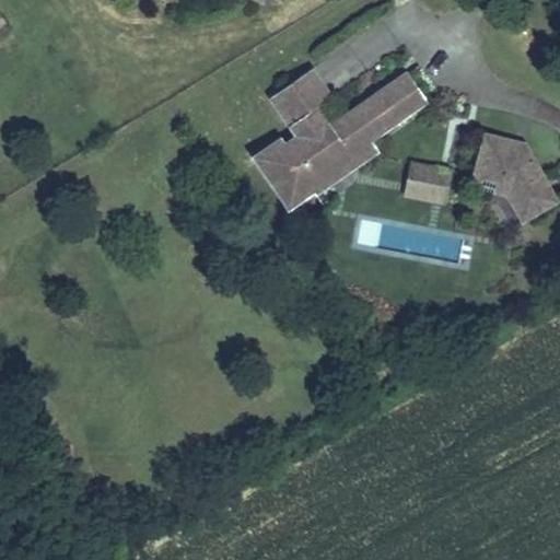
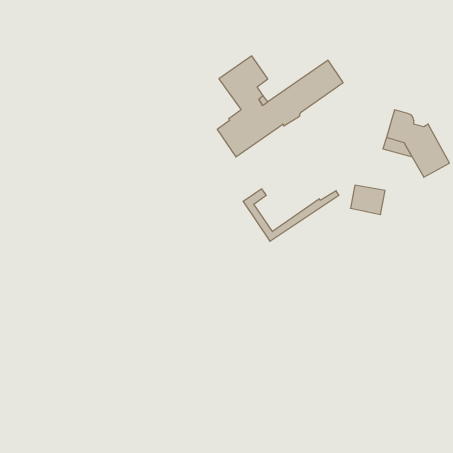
building: [255,141,373,206] -> [243,189,339,241]
building: [406,165,448,201] -> [350,185,385,215]

